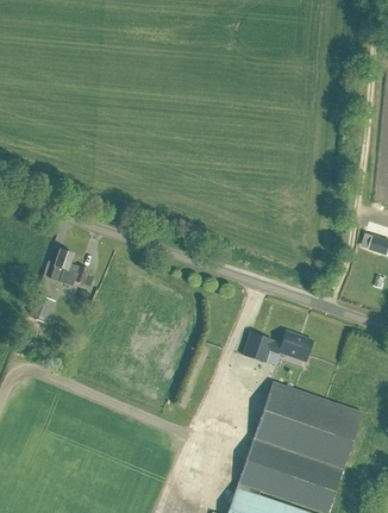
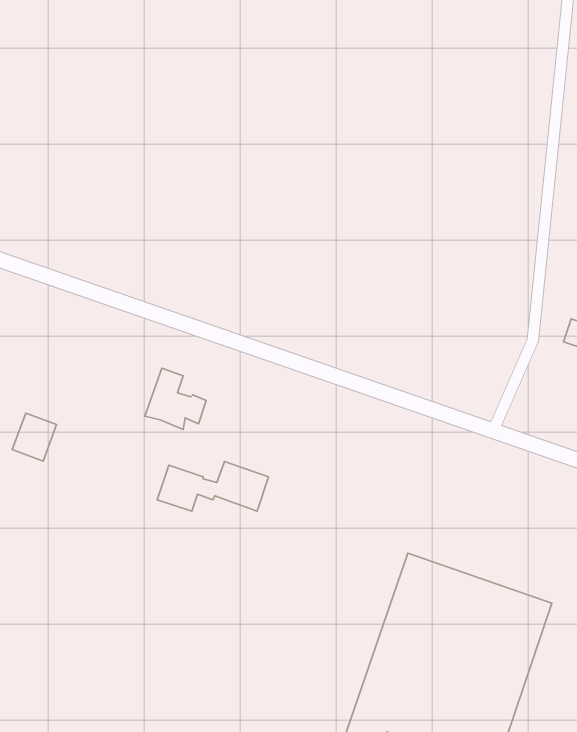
building: [50,248,88,286] -> [145,368,206,429]
building: [244,330,313,361] -> [157,461,269,511]

